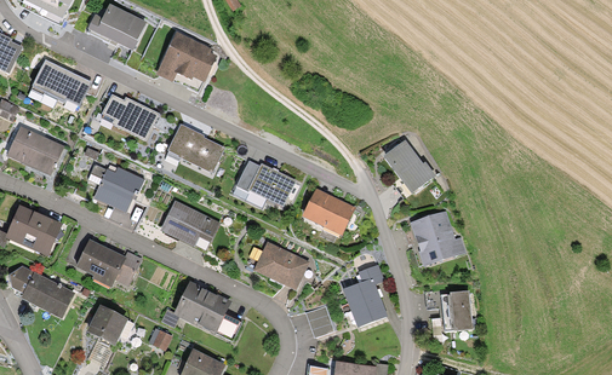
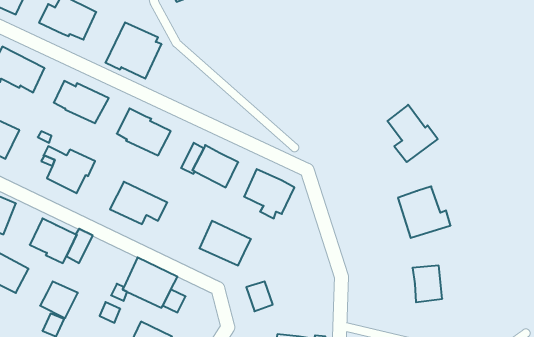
building: [383,139,436,200] -> [387,105,438,162]
building: [410,210,465,265] -> [398,186,451,238]
building: [343,265,387,327] -> none
building: [440,293,471,331] -> [412,266,442,302]

